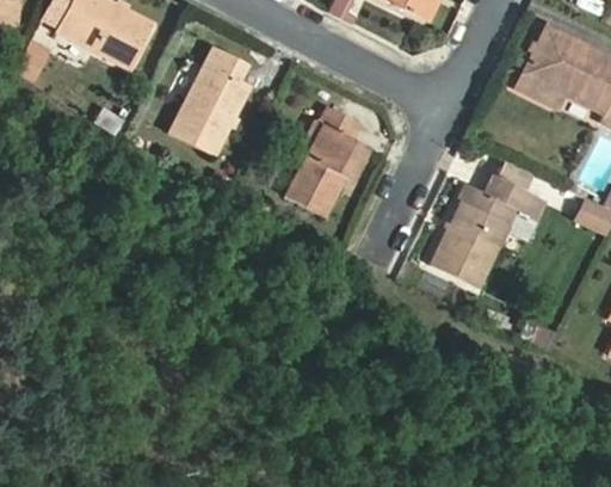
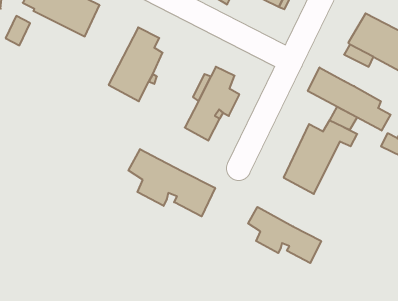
building: none -> [308,67,391,131]
building: none -> [128,149,215,216]
building: none -> [248,207,321,263]

